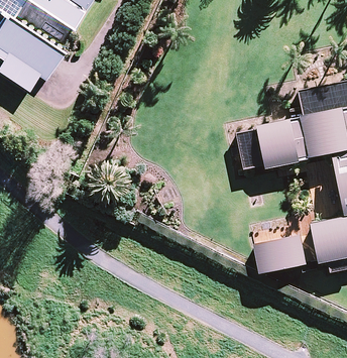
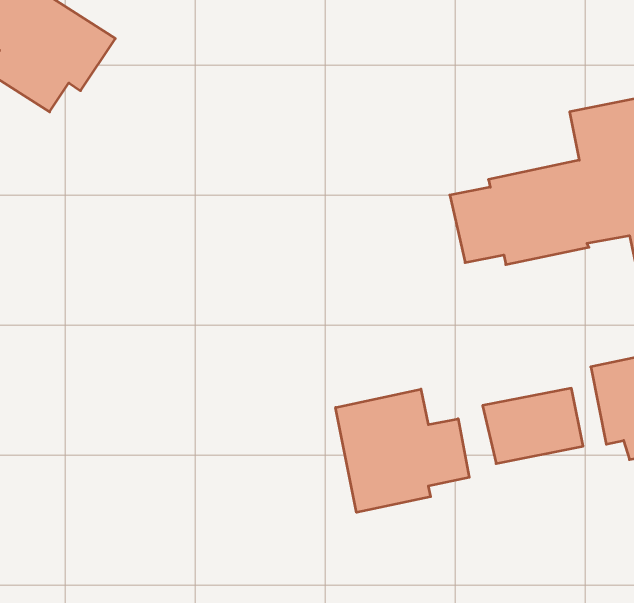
building: none -> [336,389,469,512]

